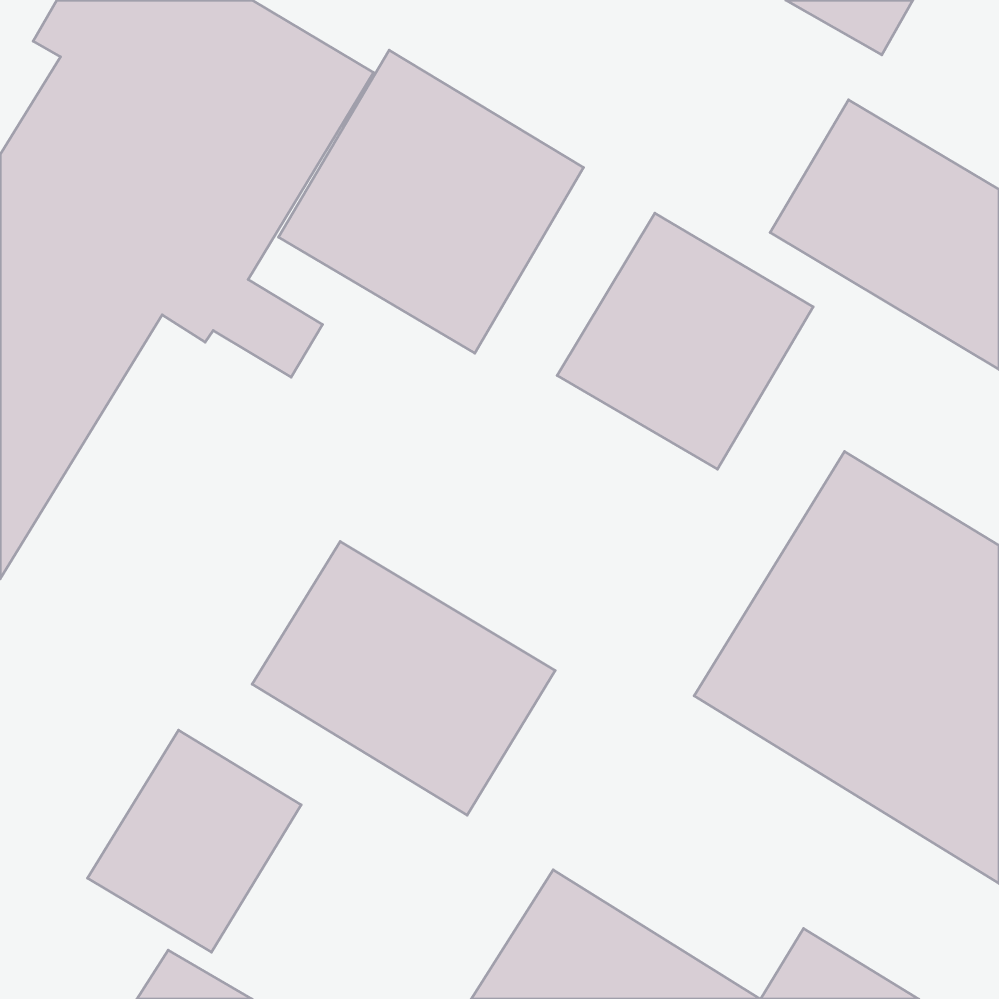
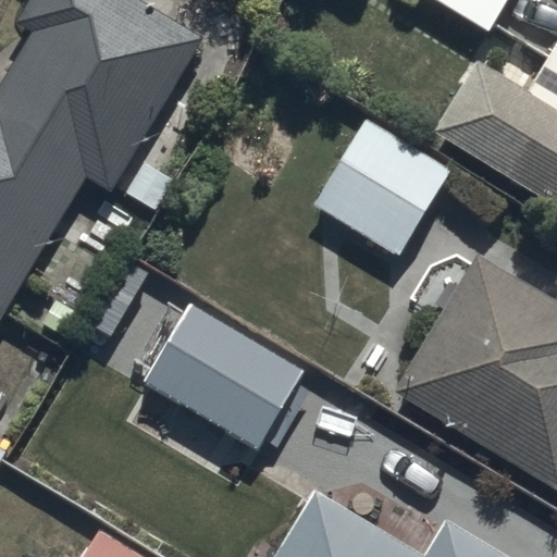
building: [278,50,584,353] -> none
building: [87,730,301,952] -> none

